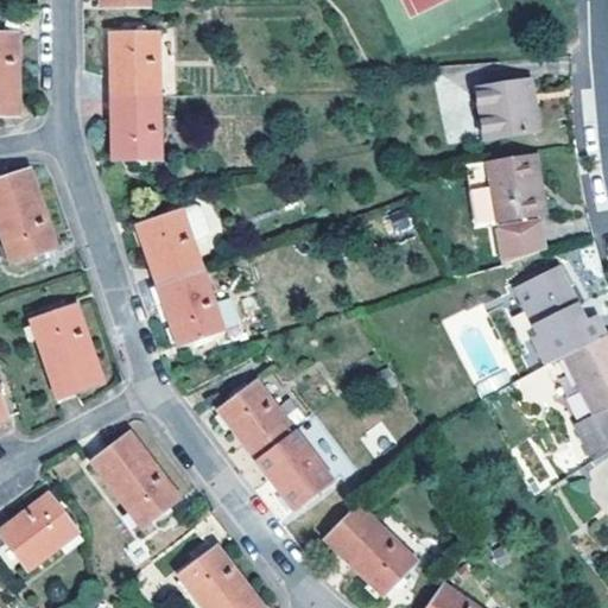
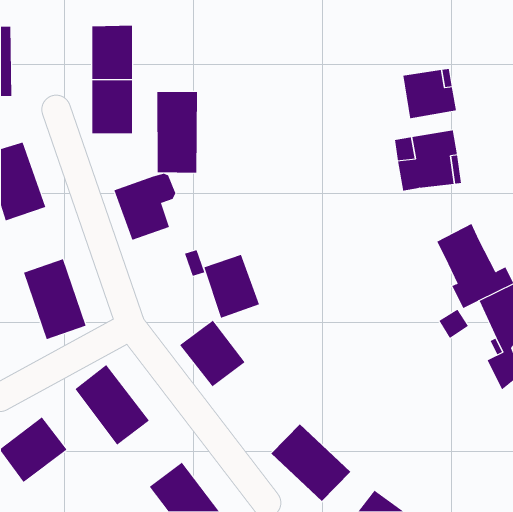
building: none -> [157,91,197,174]
building: [496,222,543,261] -> none
building: [157,268,223,344] -> [203,254,260,319]
building: [252,428,330,508] -> none

